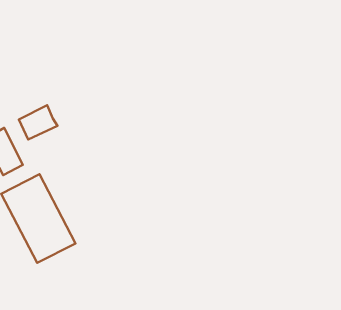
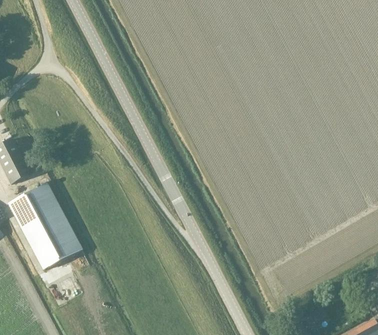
building: [19,105,57,139] -> none

